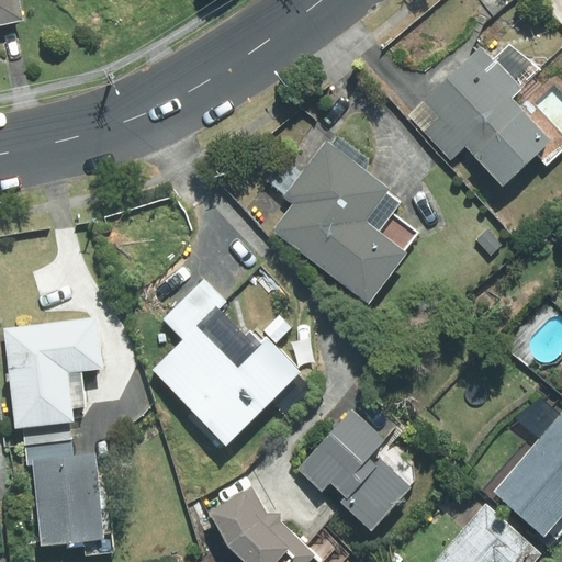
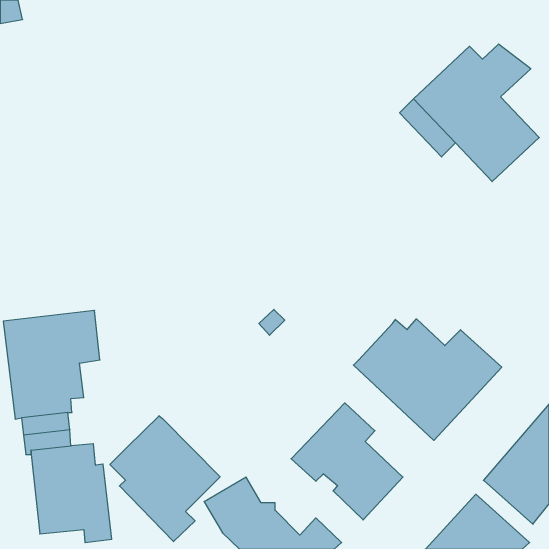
building: [266,135,417,302] -> none
building: [151,279,301,446] -> none
building: none -> [353,319,502,440]
building: none -> [110,416,220,542]

